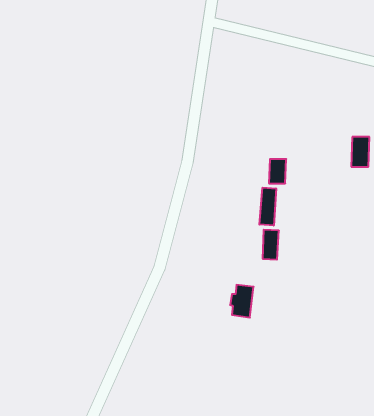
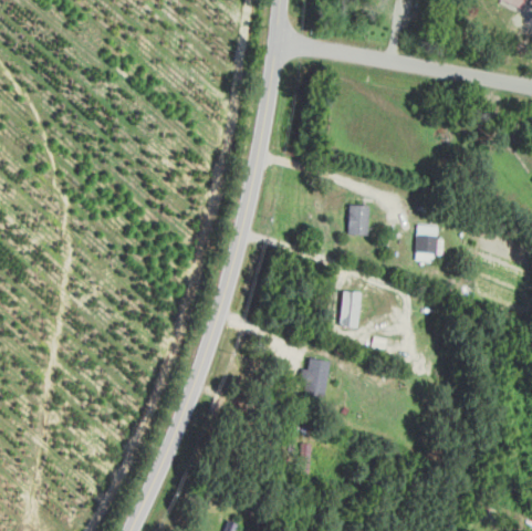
building: [351,137,369,167] -> [416,225,438,261]
building: [259,188,276,226] -> none

